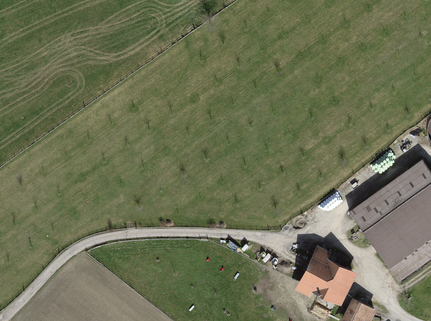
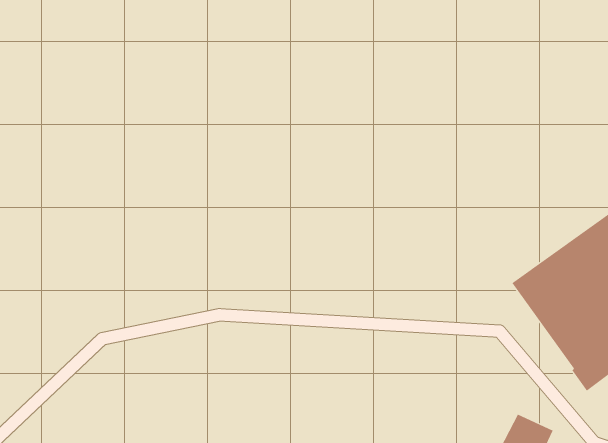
building: [294,244,357,305] -> none

